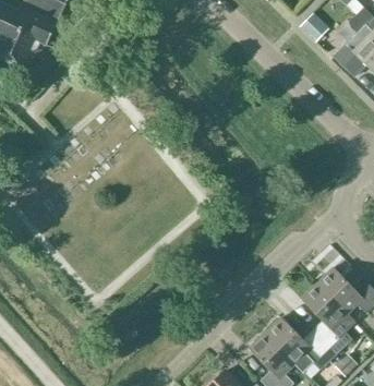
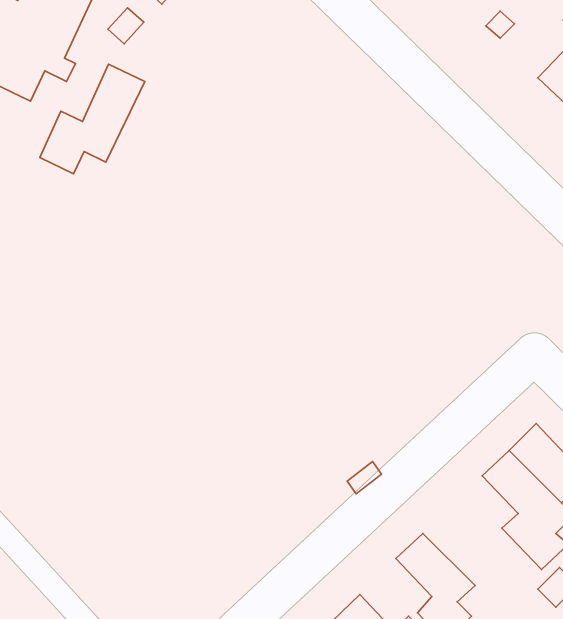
building: none -> [40,64,145,174]
building: [264,316,336,370] -> none

